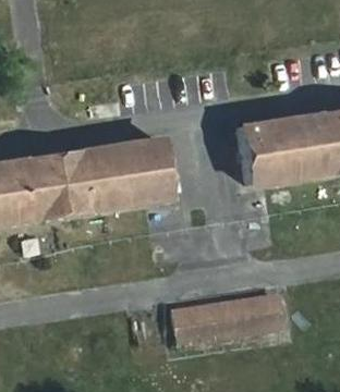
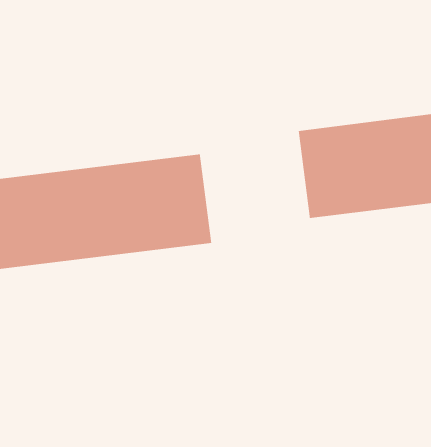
building: [172,290,287,350] -> none

